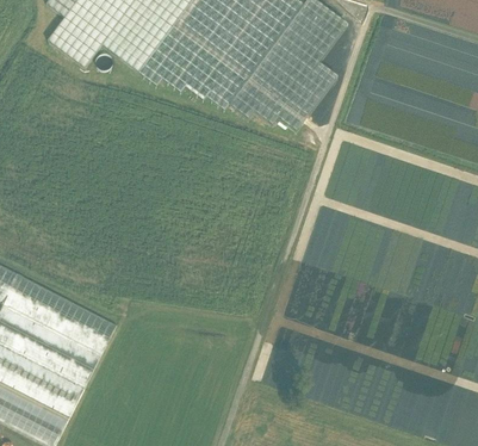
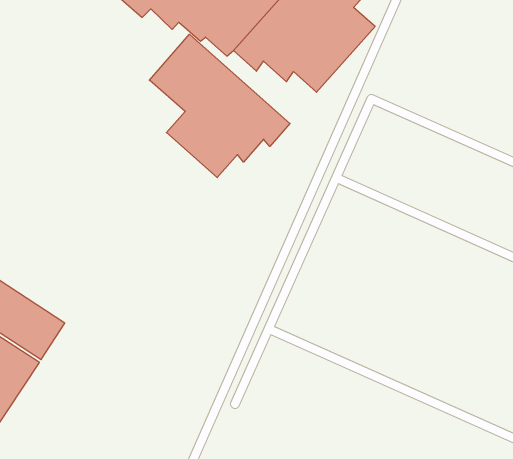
building: none -> [149,34,290,178]

